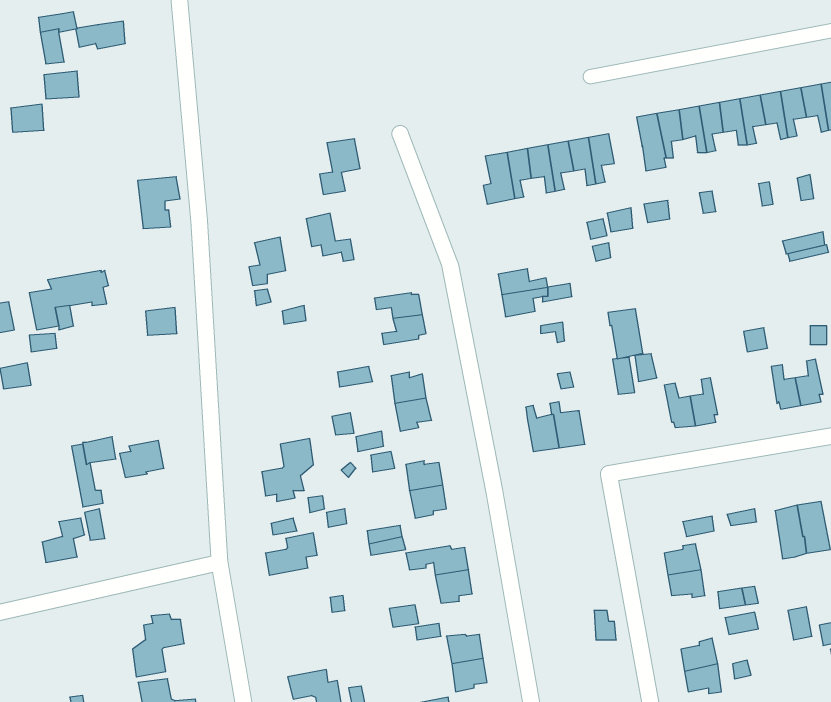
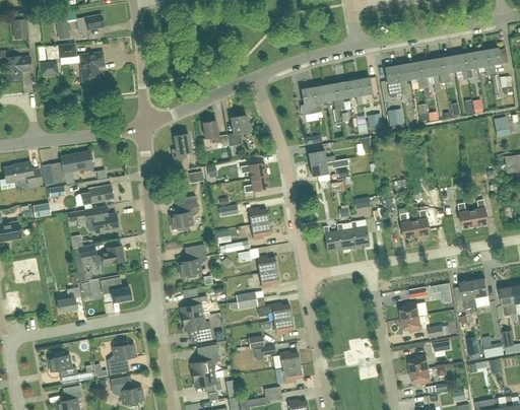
building: [320,139,360,194] -> [226,115,249,145]
building: [138,177,180,229] -> [80,53,104,81]
building: [608,309,643,359] -> [350,219,370,247]
building: none -> [81,184,114,204]
building: none -> [170,195,198,230]
building: none -> [67,205,118,233]
building: none -> [100,276,131,301]
building: none -> [182,315,212,341]
building: none -> [190,344,219,374]
building: none -> [48,351,77,375]

